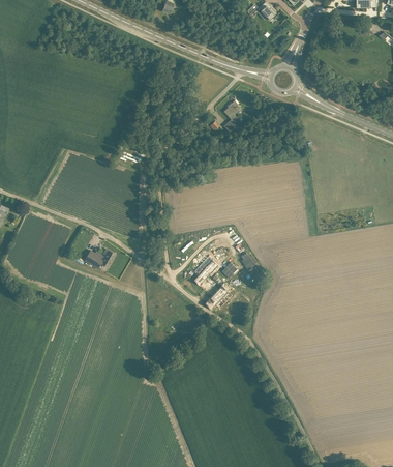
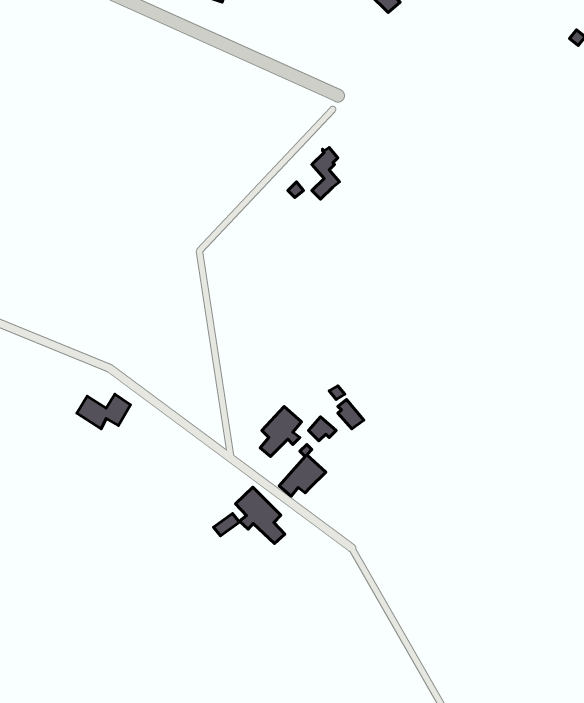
building: none -> [236,487,285,543]

